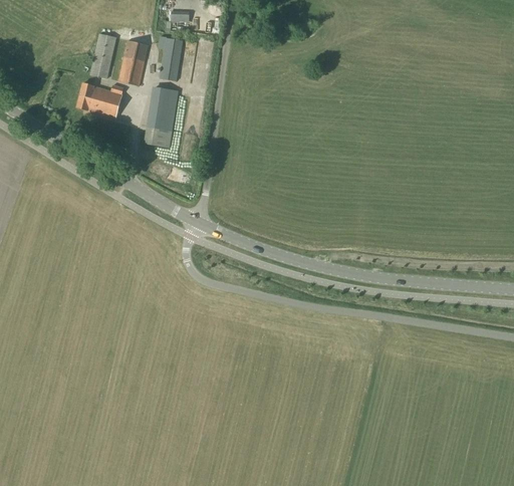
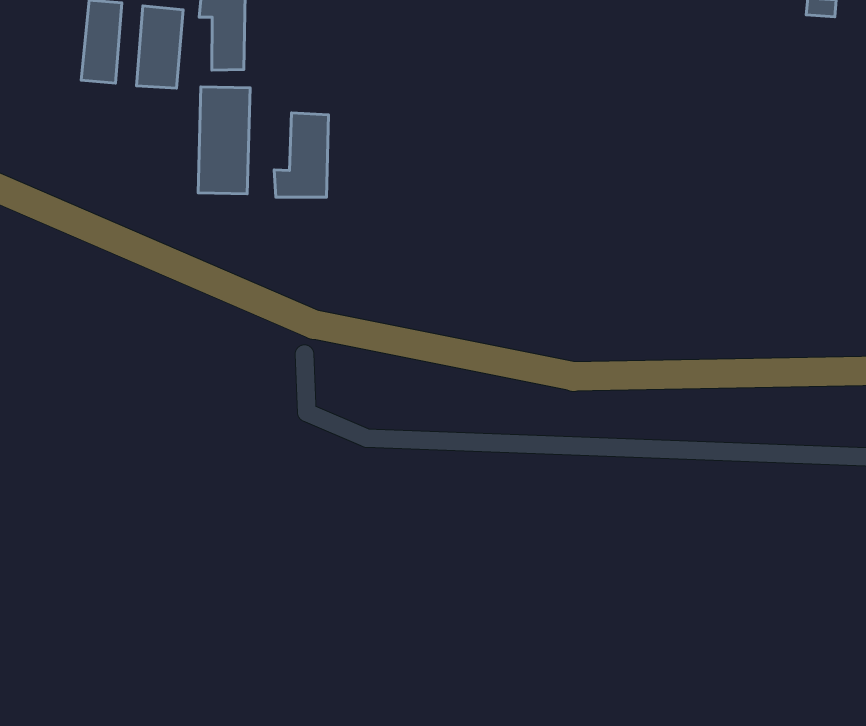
building: [77,82,123,118] -> none
building: none -> [274,113,329,197]

